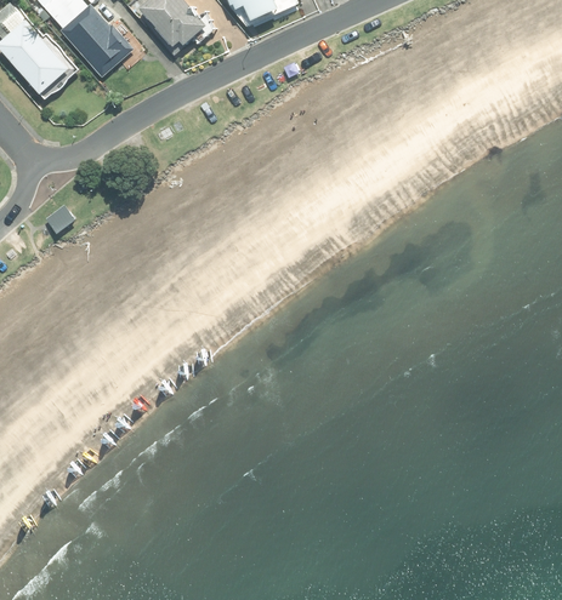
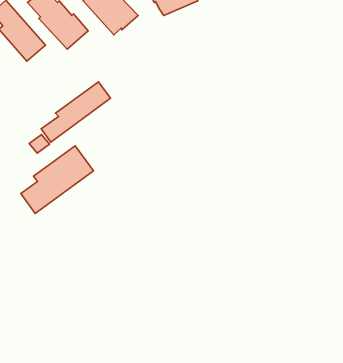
building: none -> [41,82,111,142]
building: none -> [21,146,94,214]

